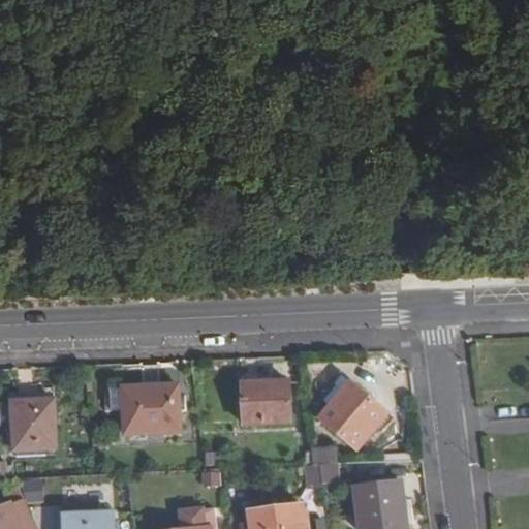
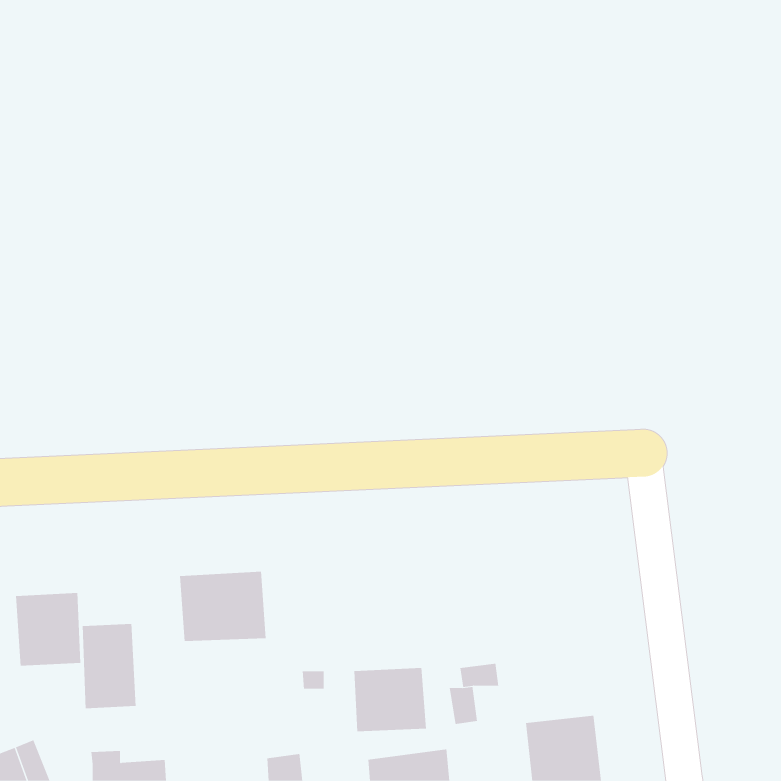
building: [241,381,290,425] -> [353,668,427,732]
building: [319,383,386,449] -> none
building: none -> [82,623,136,709]

